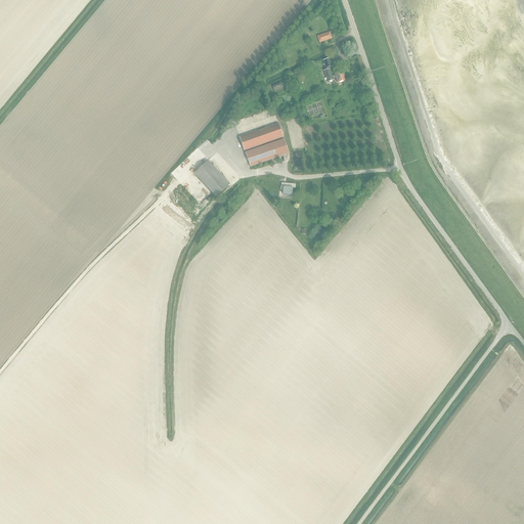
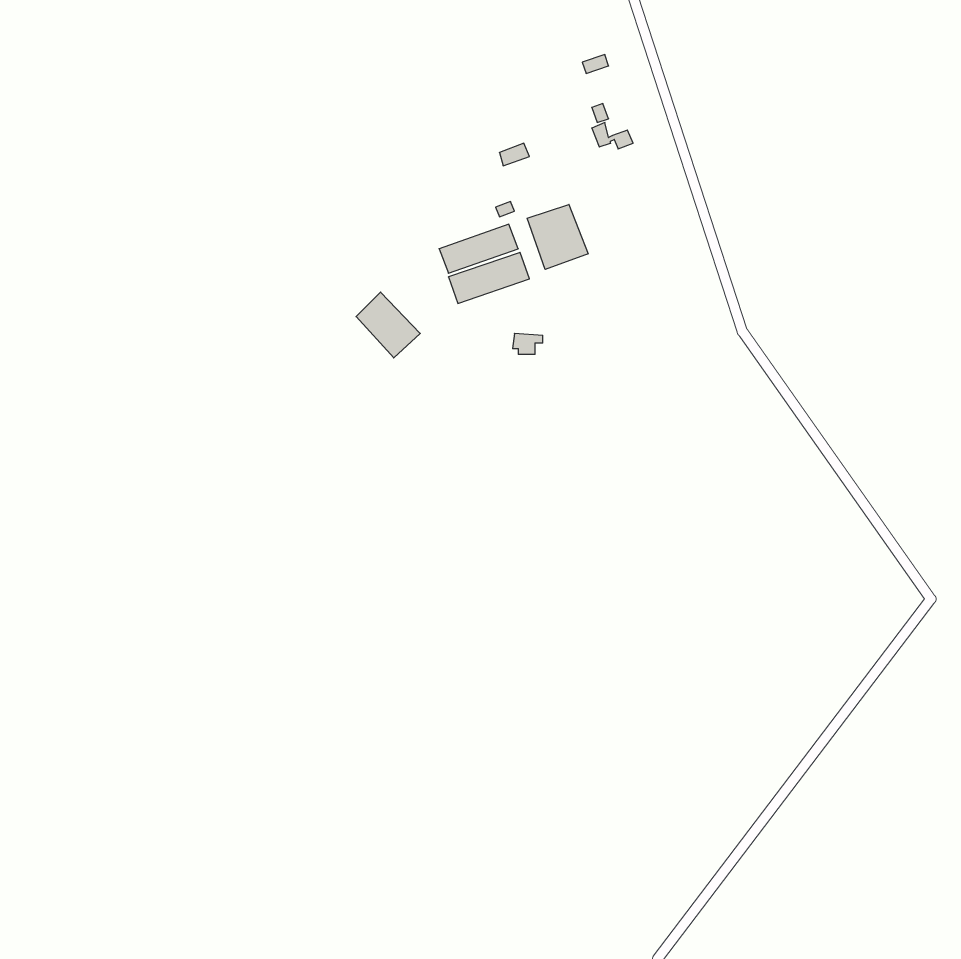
building: none -> [527,204,588,269]

